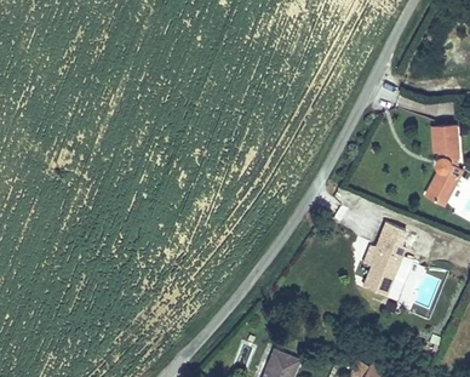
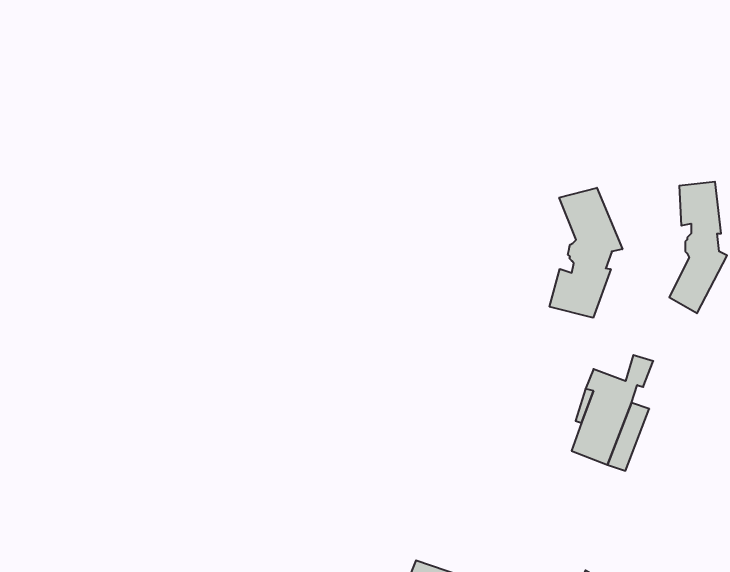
building: none -> [550,188,622,318]

